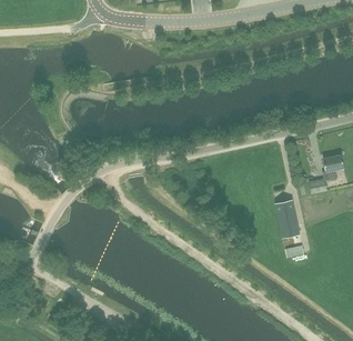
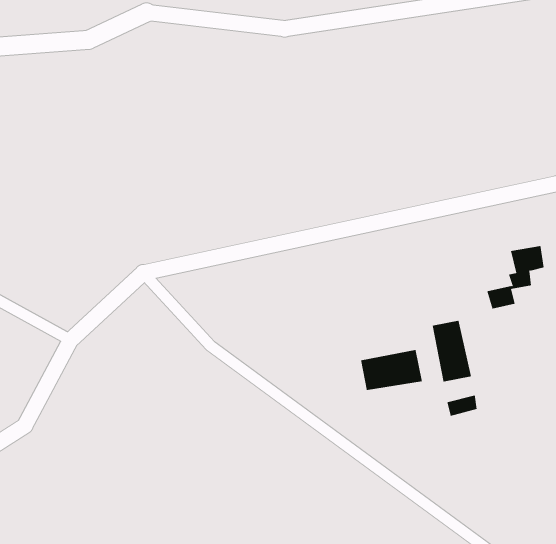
building: none -> [361,349,422,391]

